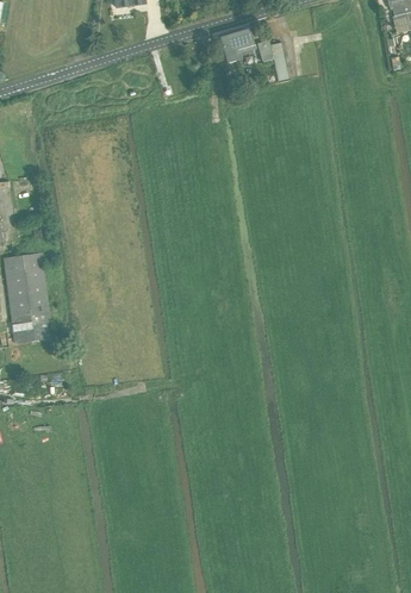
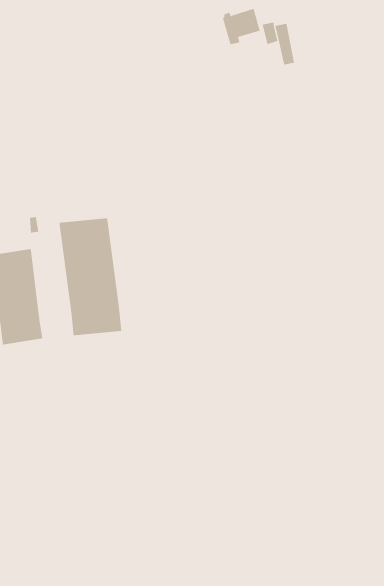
building: none -> [59,217,122,336]

